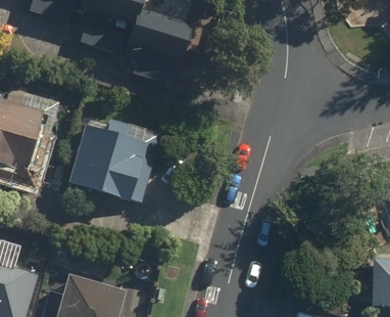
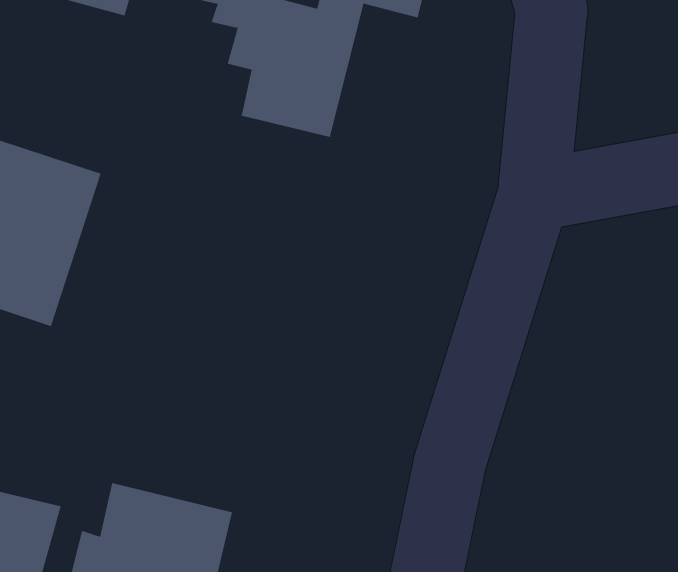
building: [64,112,166,207] -> none

